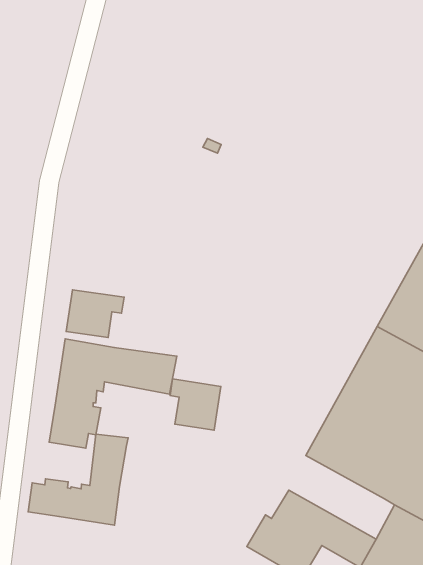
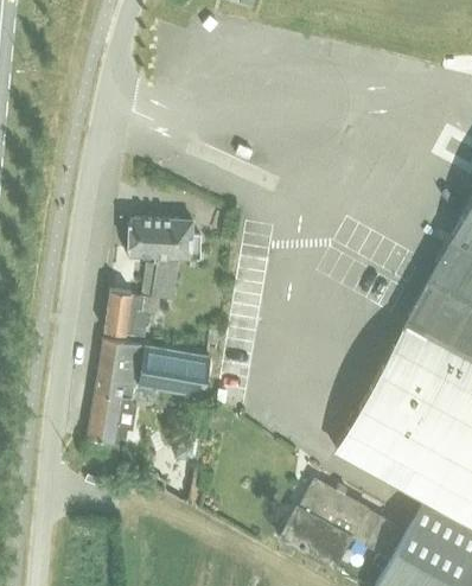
building: none -> [110,219,202,301]
building: [170,379,221,430] -> none
building: [28,434,128,525] -> none

